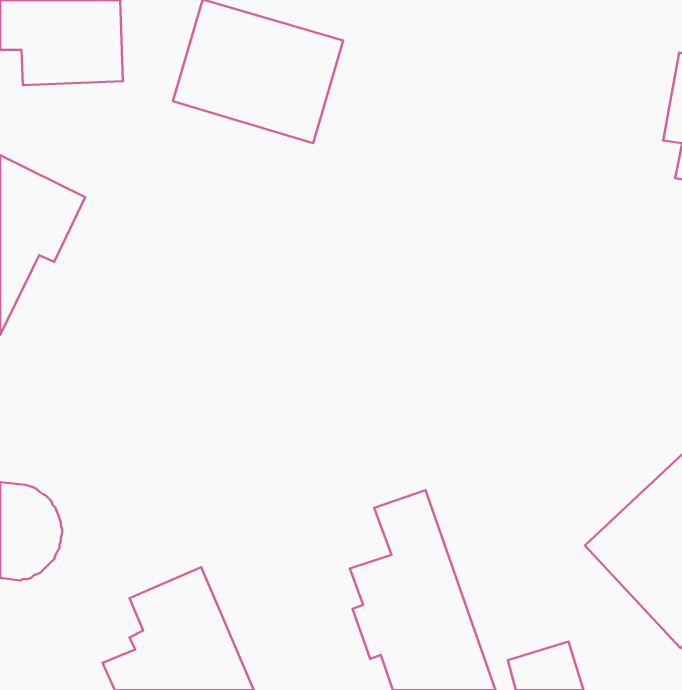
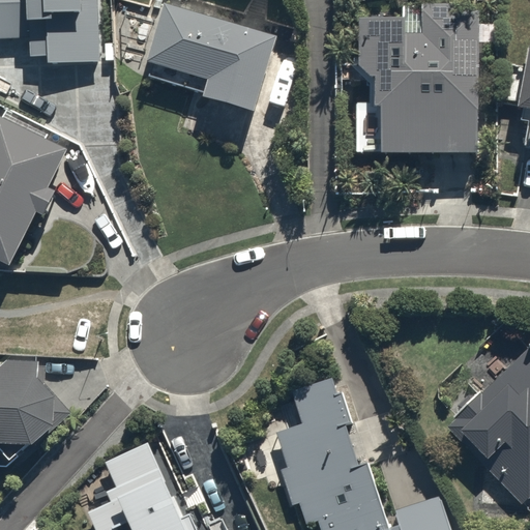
building: none -> [352,9,488,156]

